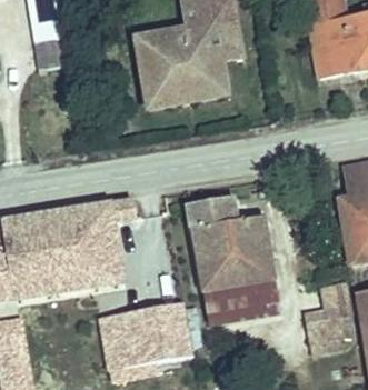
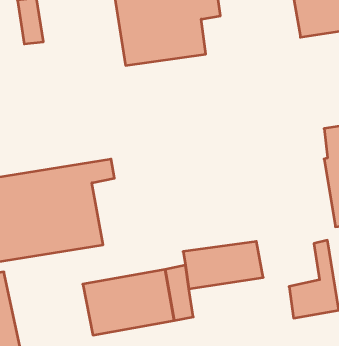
building: [186,196,272,287] -> none

